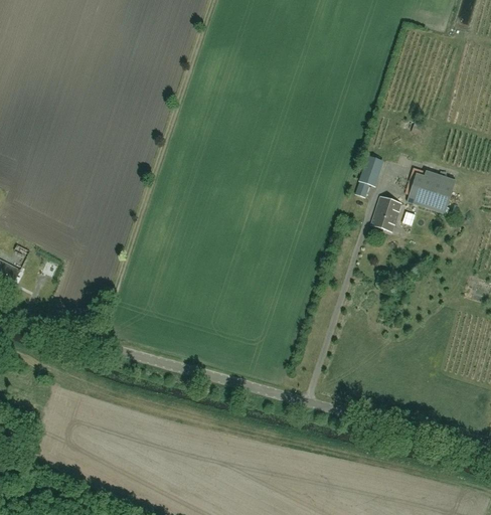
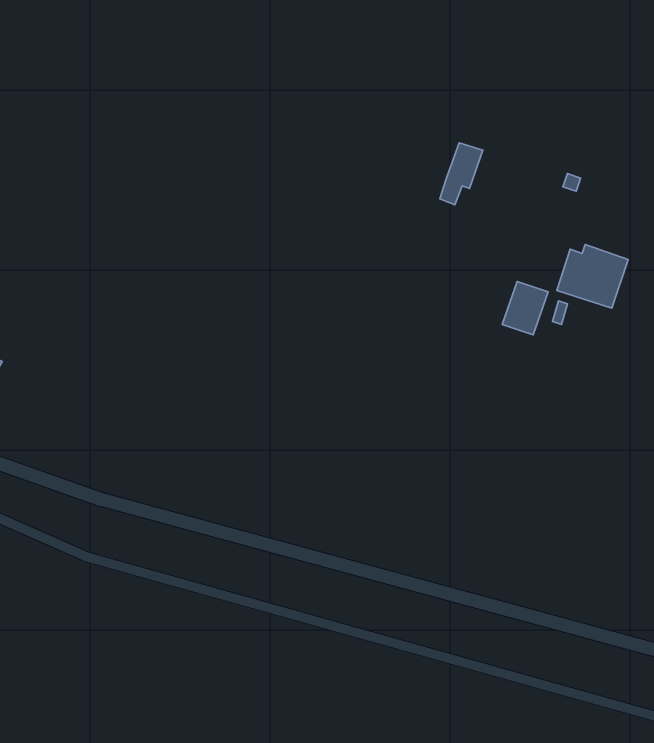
building: [354,155,383,197] -> [440,143,483,205]

